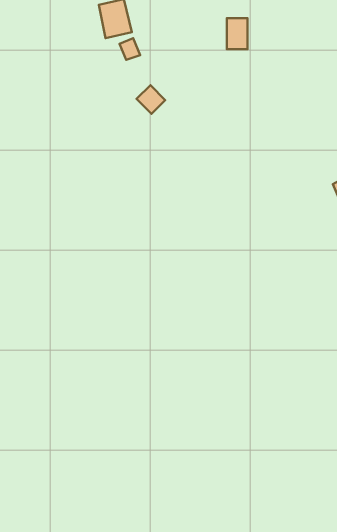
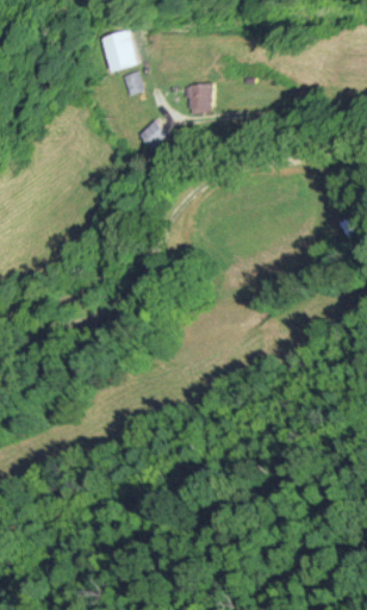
building: [227,18,248,49] -> [189,82,211,114]

